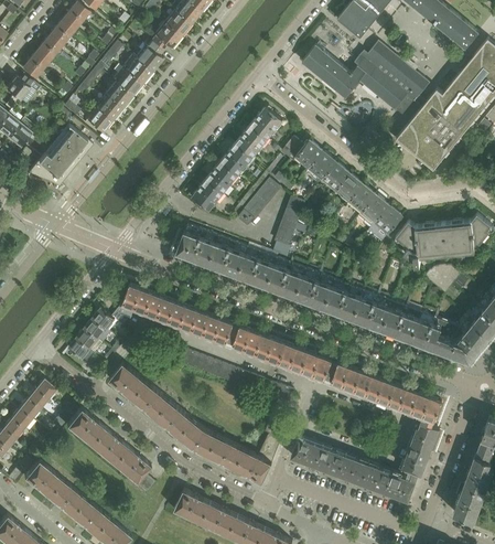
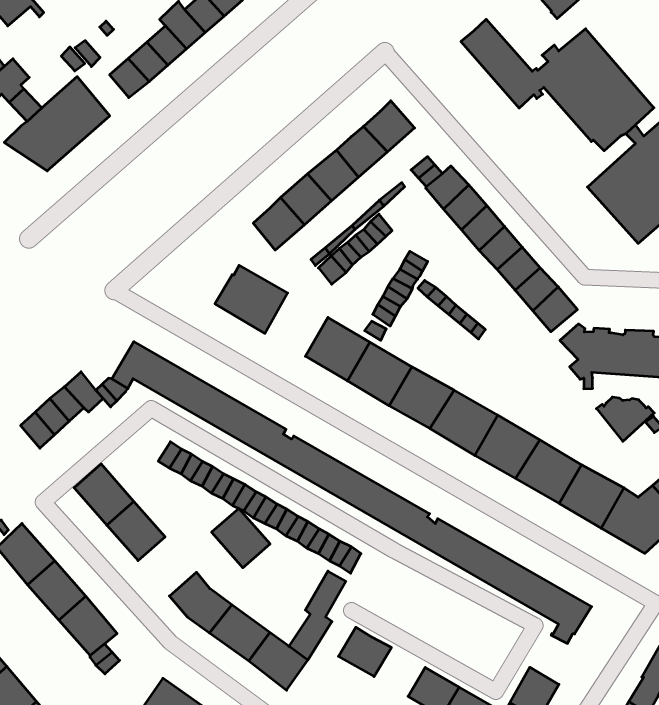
building: [211,238,248,276] -> none
building: [155,403,193,439] -> [212,508,270,568]
building: [410,424,439,454] -> none
building: [314,448,345,477] -> none

